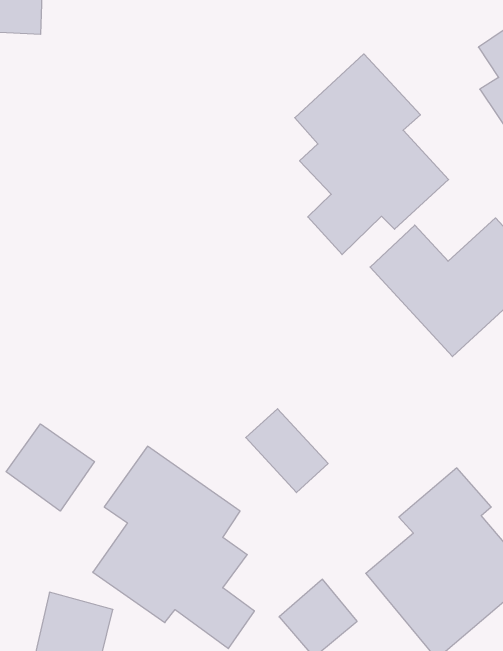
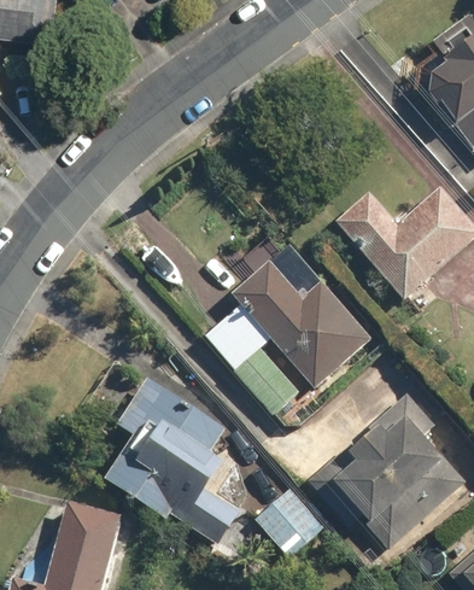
building: [295,54,449,255] -> none
building: none -> [234,263,371,389]
building: [6,424,94,511] -> none

